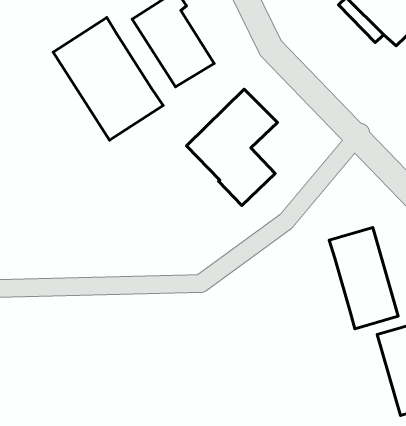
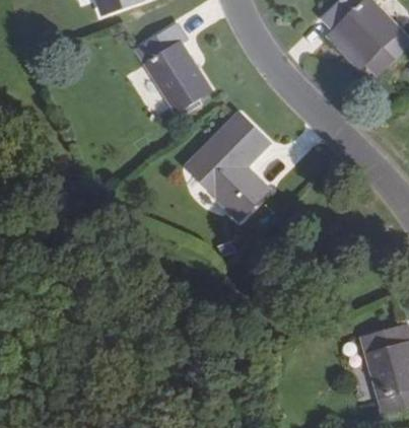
building: [53,18,163,140] -> none
building: [329,227,398,329] -> none

